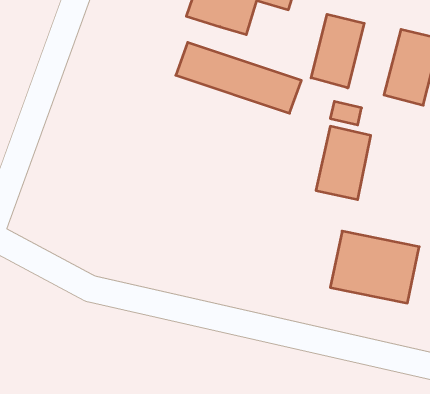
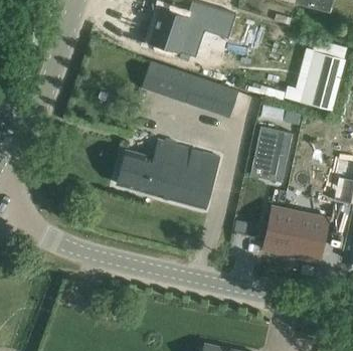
building: [311,14,364,88] -> none
building: none -> [117,142,219,209]

